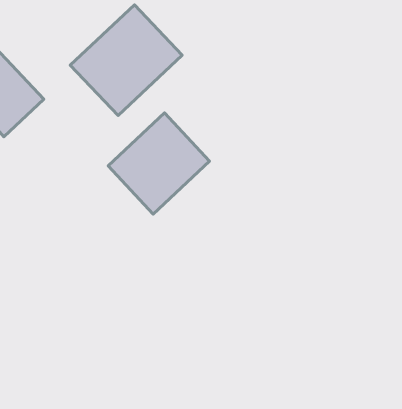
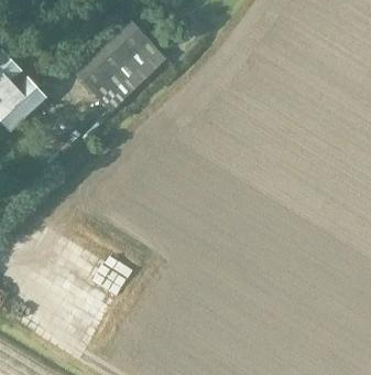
building: [108,113,210,214] -> none

